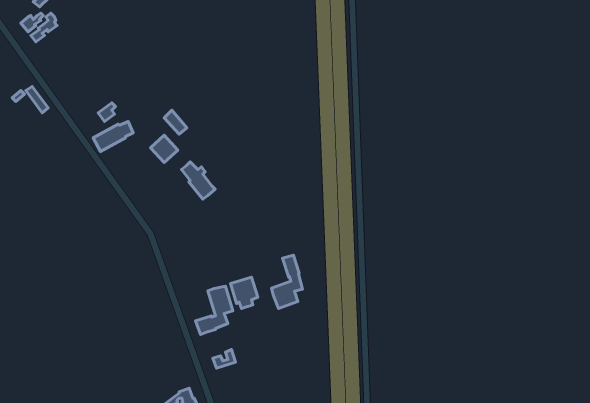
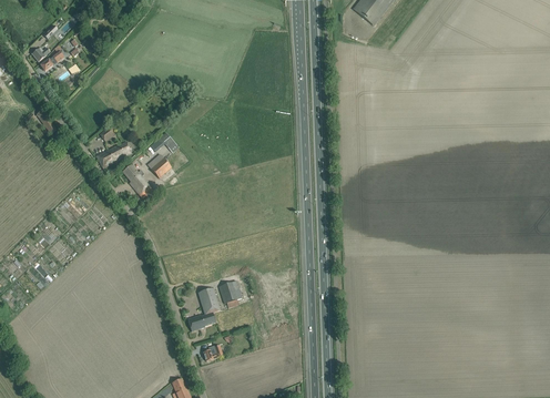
building: [181,162,215,199] -> [123,165,153,198]
building: [272,255,303,308] -> none

